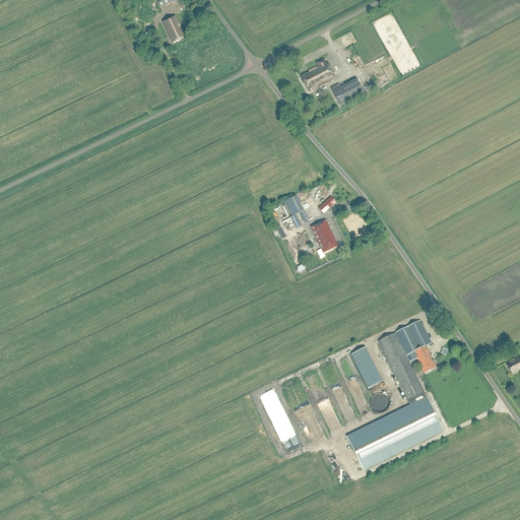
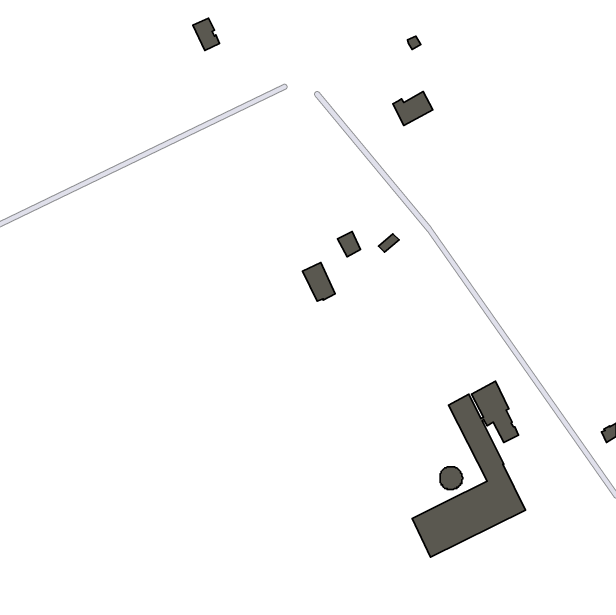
building: [301,59,336,91] -> none
building: [311,219,338,252] -> [303,263,335,301]
building: [350,346,382,388] -> none

